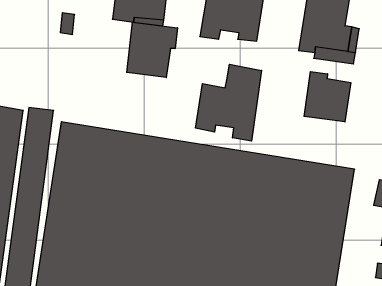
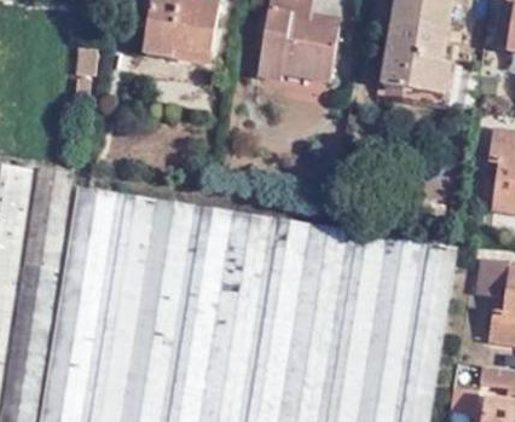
building: [127,22,177,78] -> none
building: [196,64,262,141] -> none
building: [304,72,351,122] -> none

